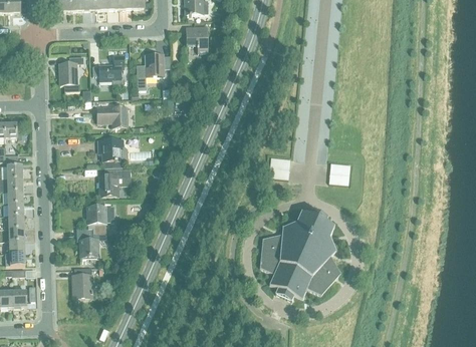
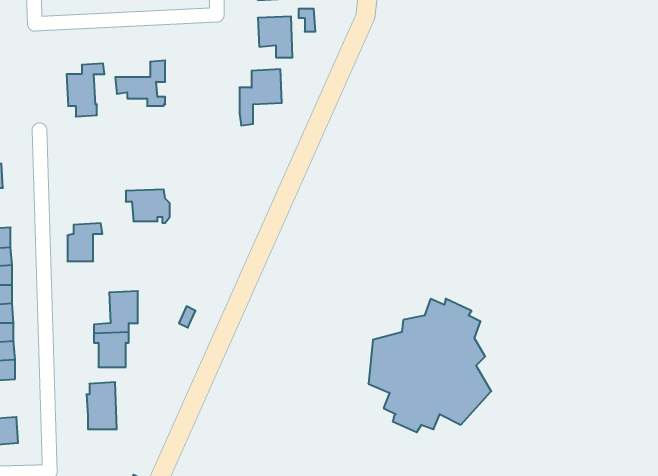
building: [138,52,166,89] -> [239,69,282,125]
building: [97,105,129,126] -> none
building: [100,167,124,193] -> [67,223,102,261]

